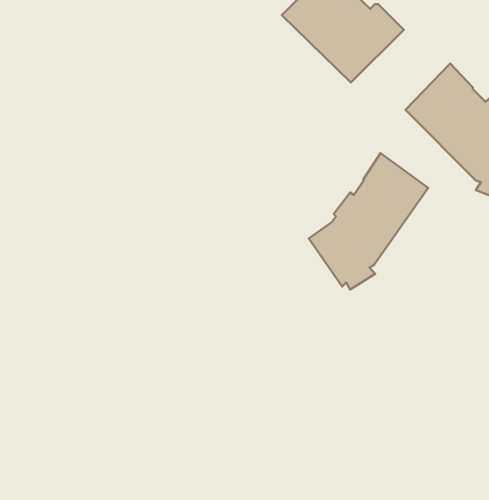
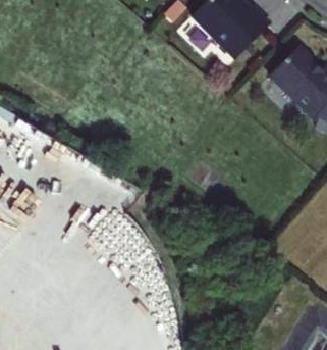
building: [309,153,428,289] -> none

